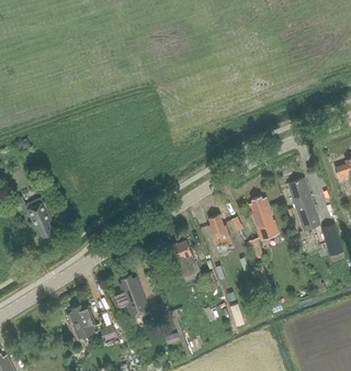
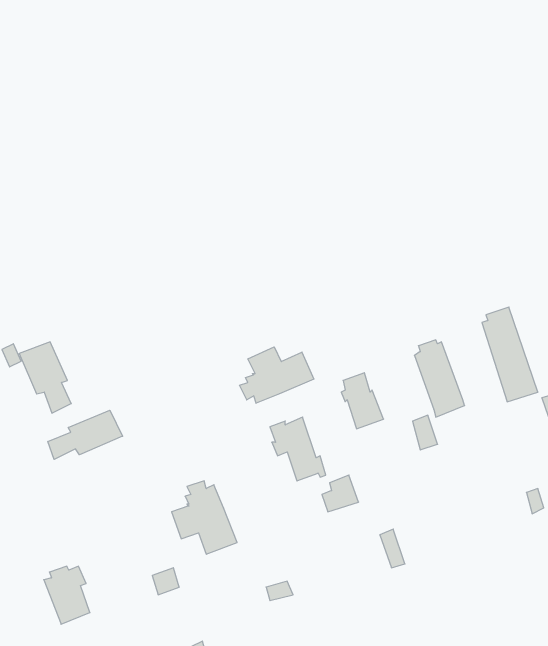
building: none -> [240,347,314,403]
building: none -> [48,410,123,459]
building: [68,305,94,338] -> [44,566,90,624]

